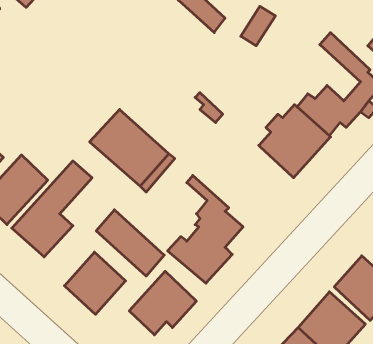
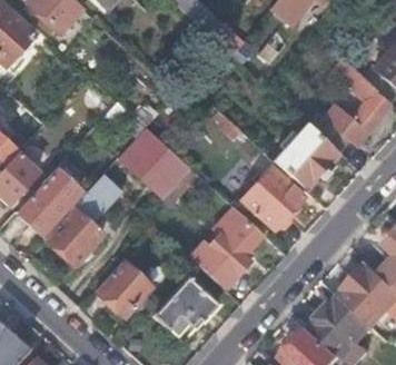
building: none -> [241,161,306,229]
building: [96,210,164,276] -> none

